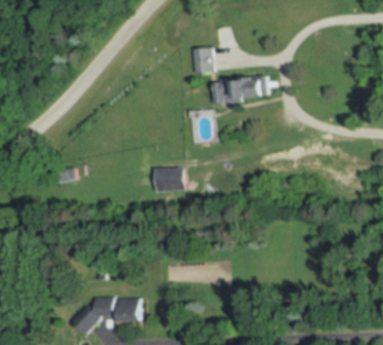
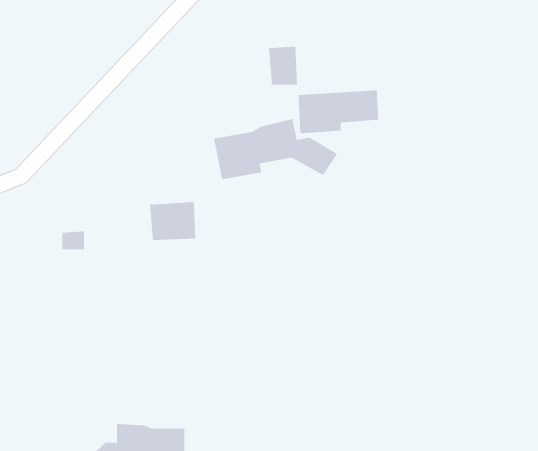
building: none -> [213,118,338,180]
building: [154,165,184,191] -> [149,201,196,240]

